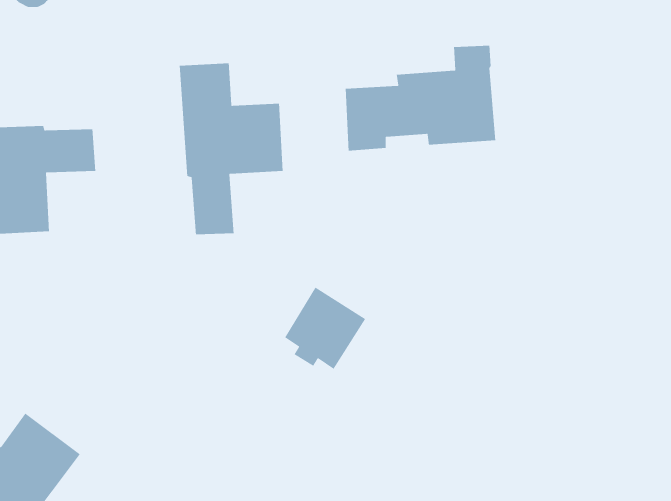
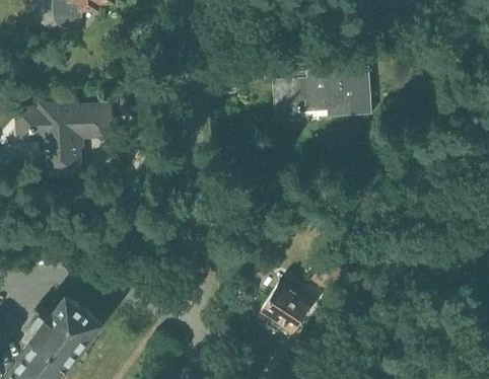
building: [179,63,284,235] -> none
building: [284,287,366,370] -> [260,279,313,333]

